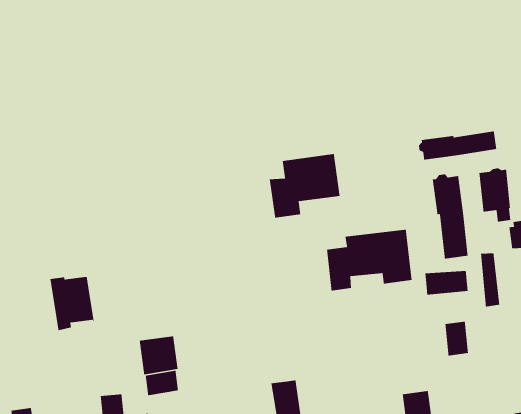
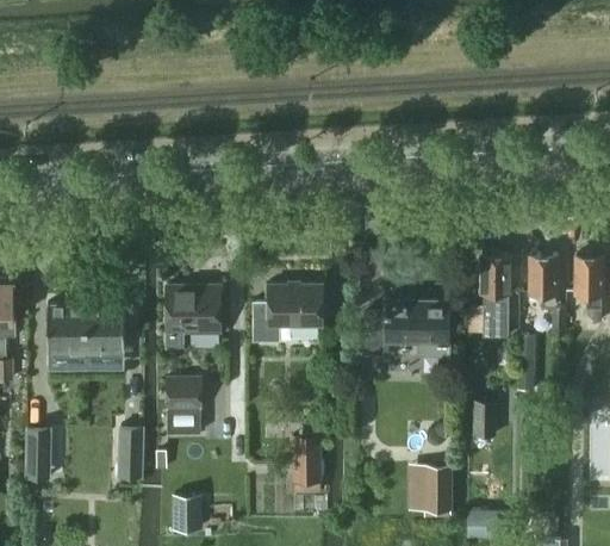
building: [418,130,497,161] -> none
building: [269,153,340,218] -> [253,286,322,343]
building: none -> [166,287,220,336]
building: [424,270,469,296] -> none
building: none -> [46,304,86,358]

